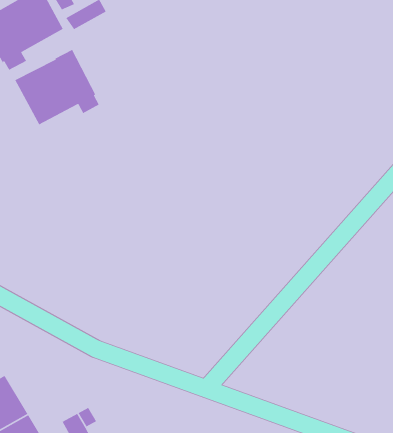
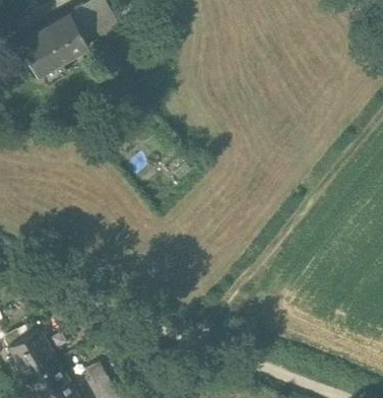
building: [14,49,100,125] -> none

